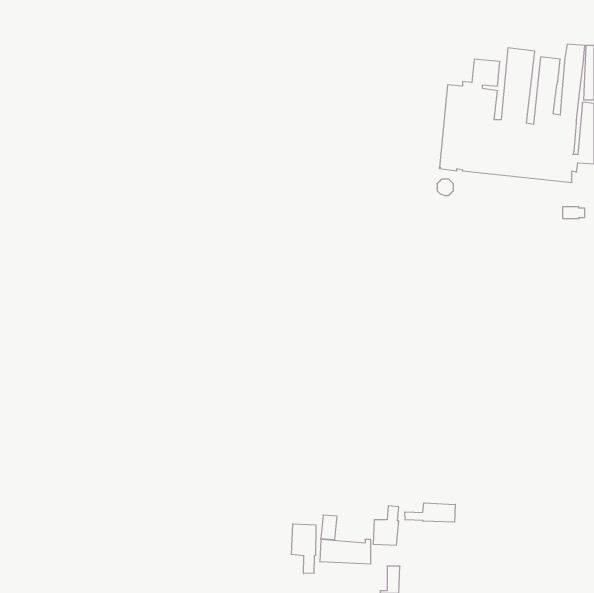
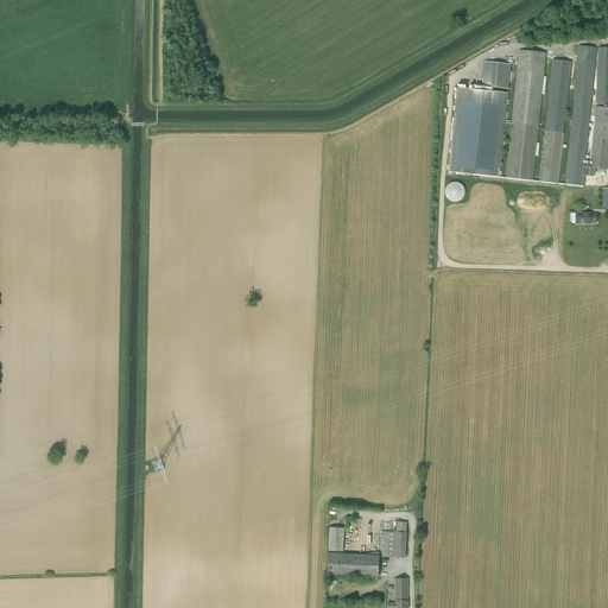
building: [405,503,455,522] -> none
building: [291,524,316,574] -> none

